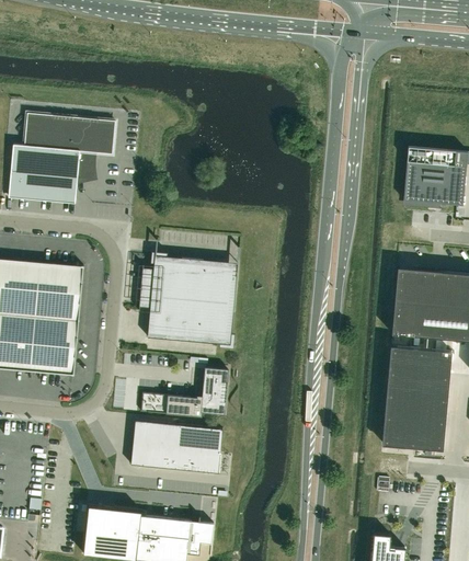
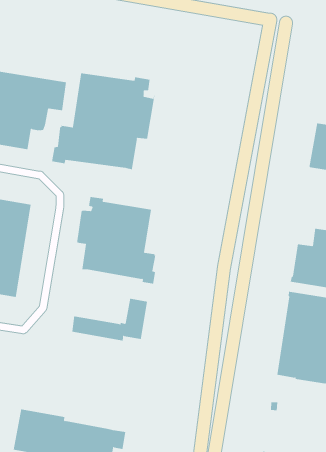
building: none -> [52,73,155,170]
building: [130,420,224,473] -> none

